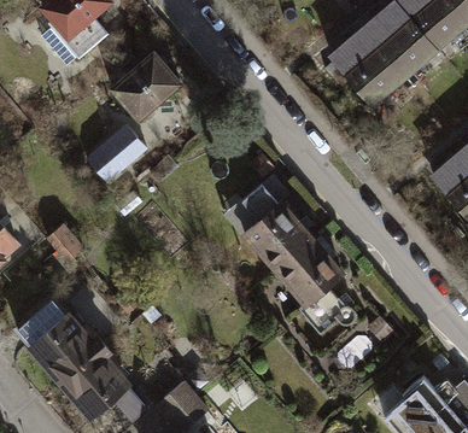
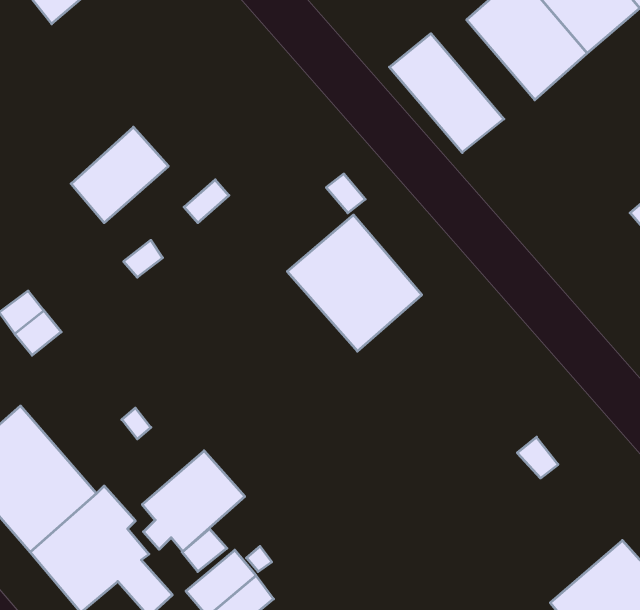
building: [104,51,181,127] -> none
building: none -> [389,34,504,153]
building: [265,226,353,326] -> none
building: none -> [142,451,245,552]

